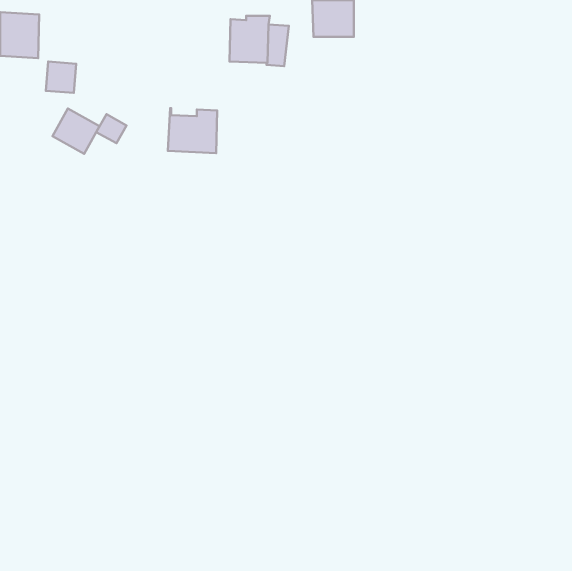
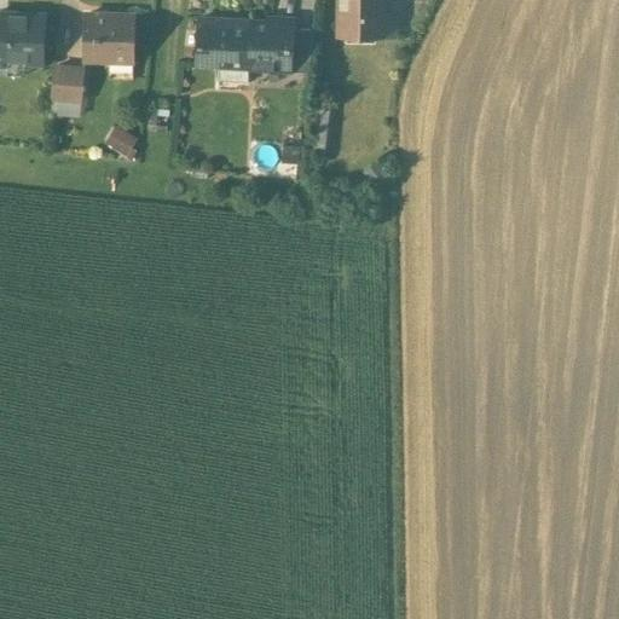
building: none -> [82,16,133,62]
building: [168,108,217,153] -> [196,19,249,68]
building: [53,109,99,154] -> none

